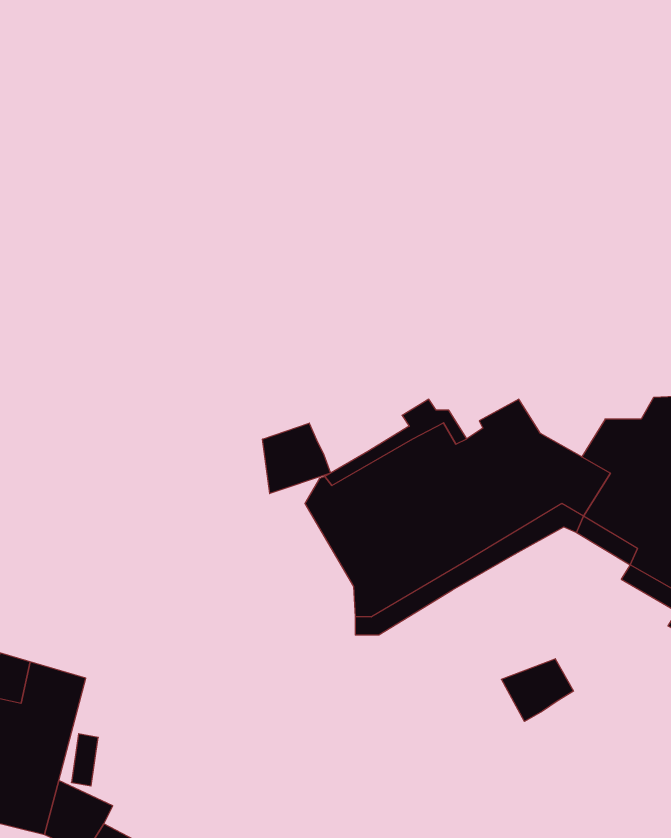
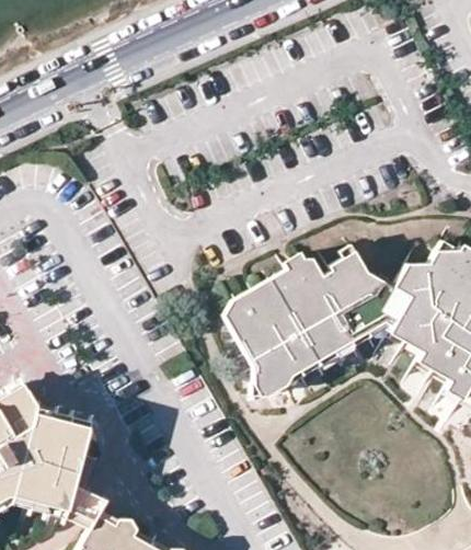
building: [263,423,330,494] -> none
building: [501,659,573,721] -> none

